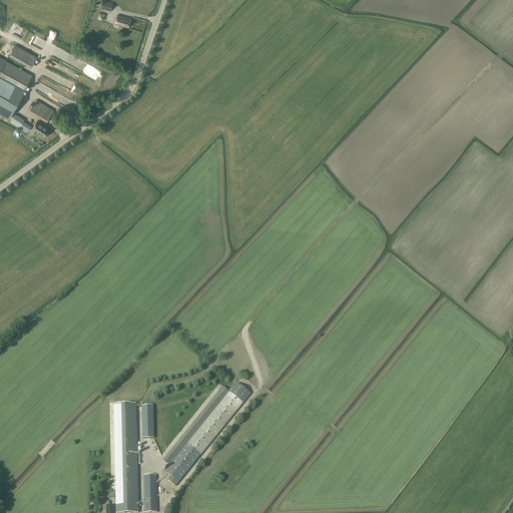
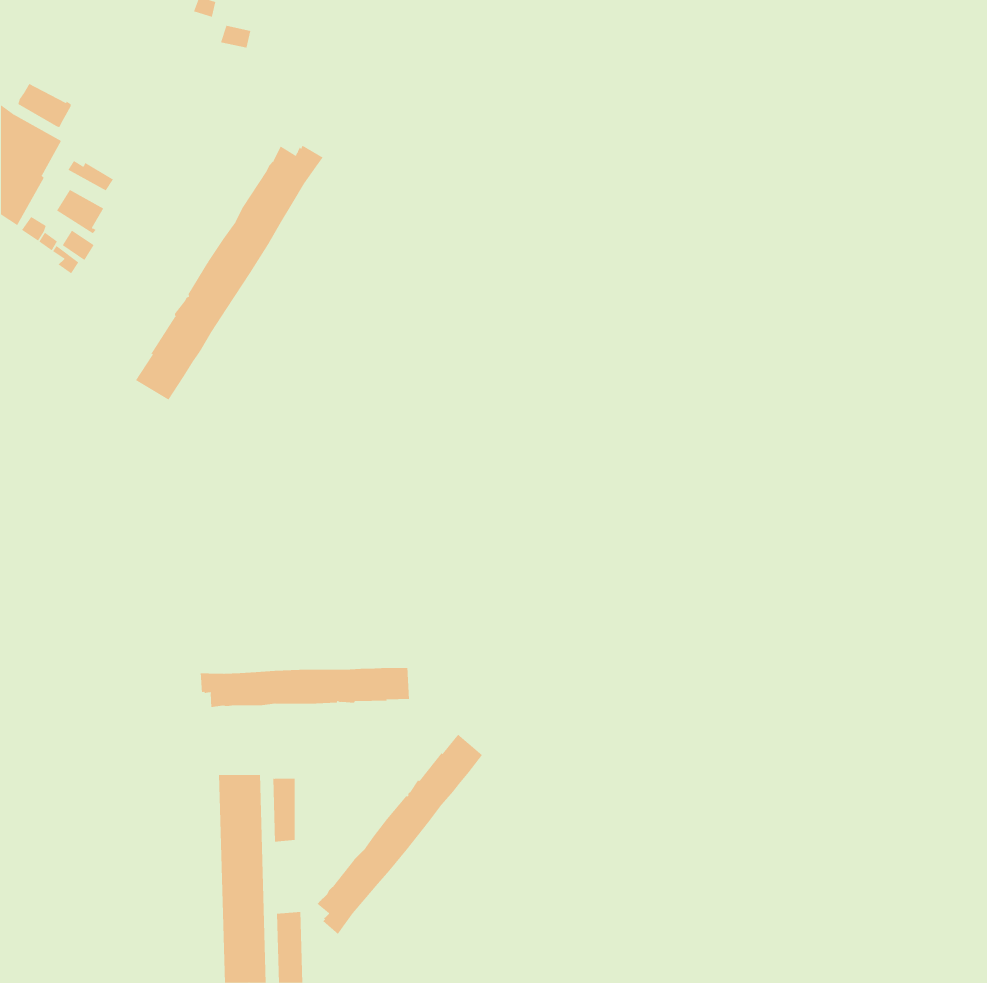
building: none -> [135,145,323,400]
building: none -> [200,667,409,708]

